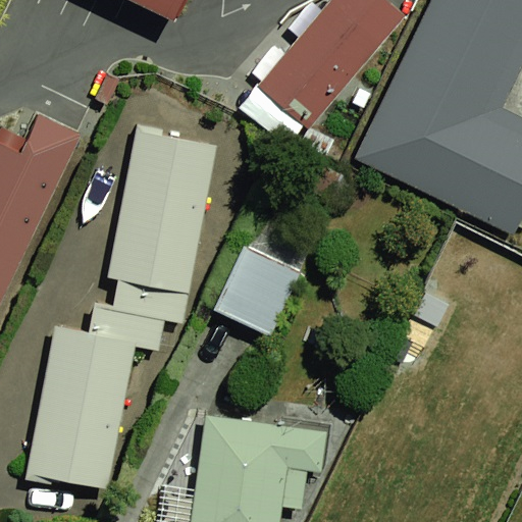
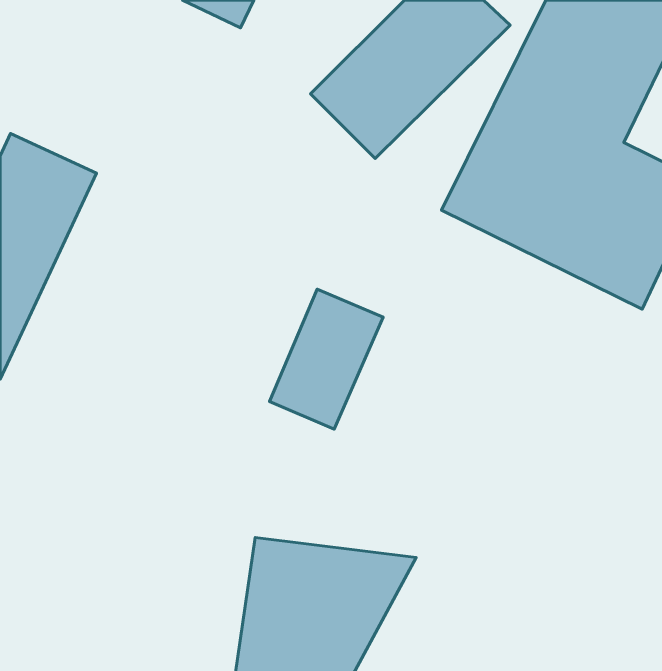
building: [105,123,217,290] -> none
building: [30,319,138,484] -> none

